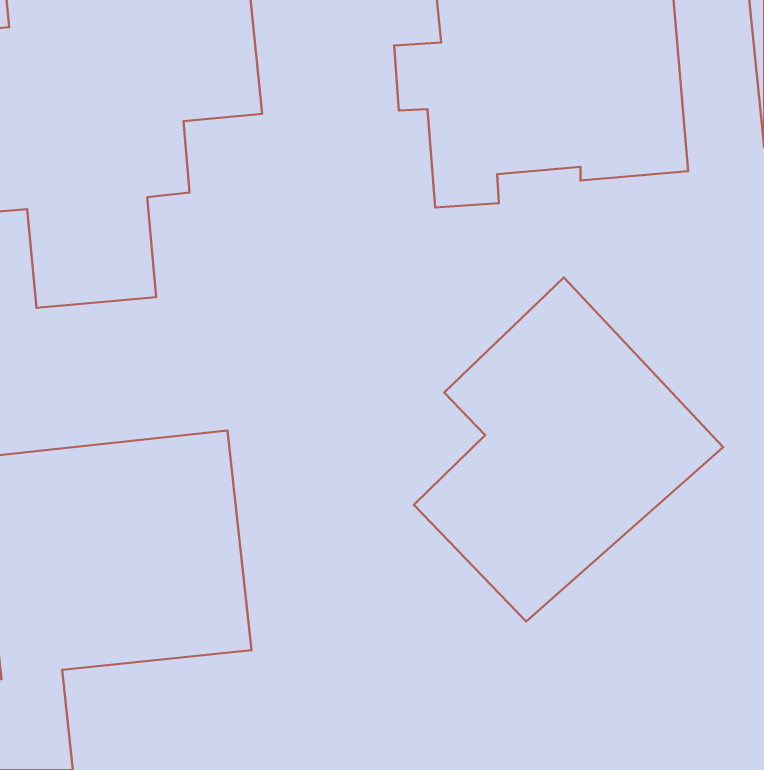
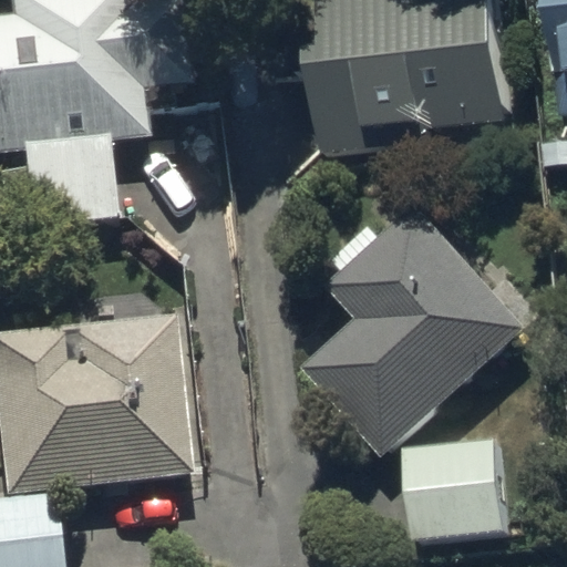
building: none -> [402,439,504,543]

